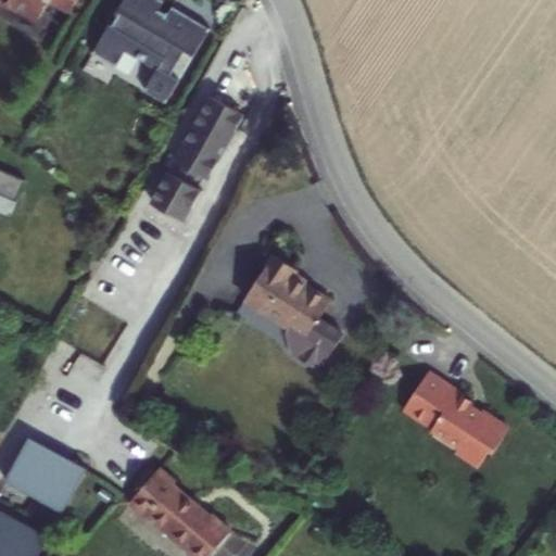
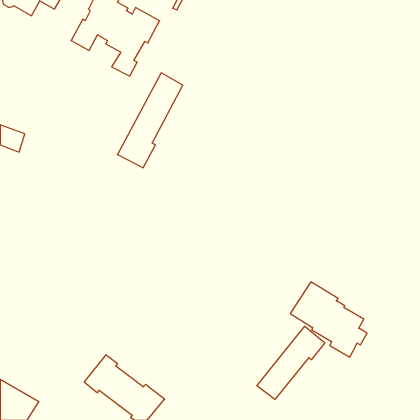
building: [235,260,332,372] -> none
building: none -> [257,326,325,399]
building: [12,430,92,504] -> none

